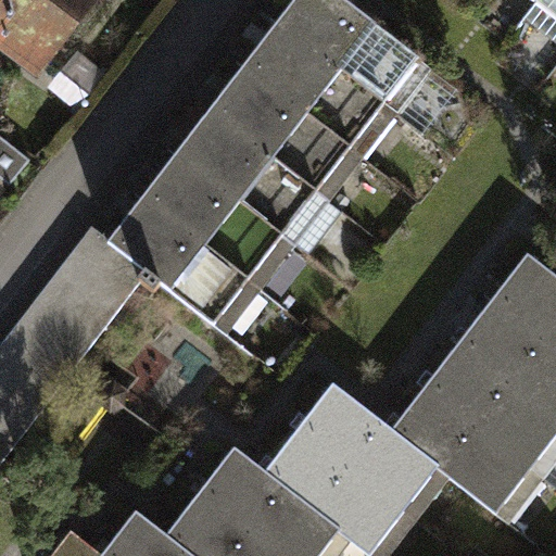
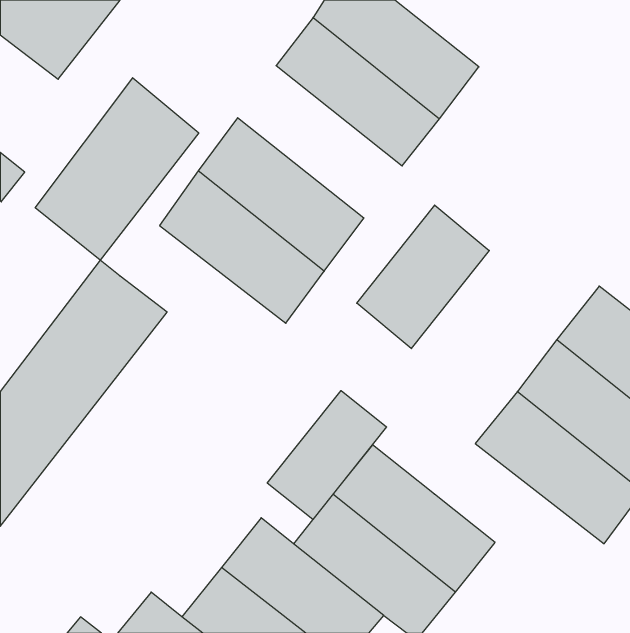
building: [211,58,355,191] -> none
building: none -> [35,78,199,260]
building: none -> [357,205,489,349]
building: [108,198,253,327] -> none
building: none -> [267,391,387,519]
building: [383,389,532,522] -> none

